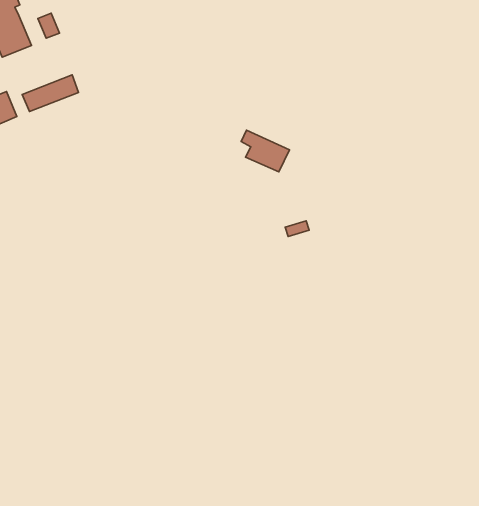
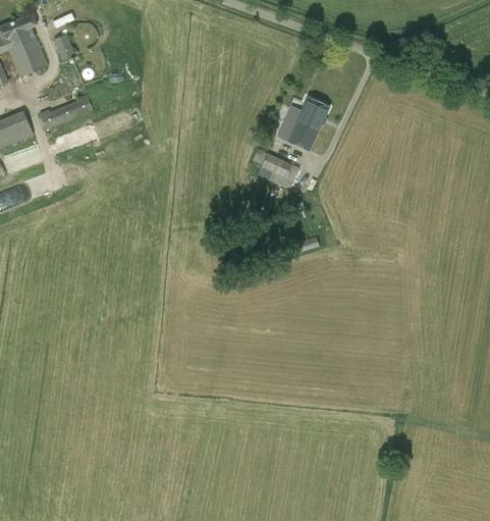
building: none -> [276,95,329,151]

